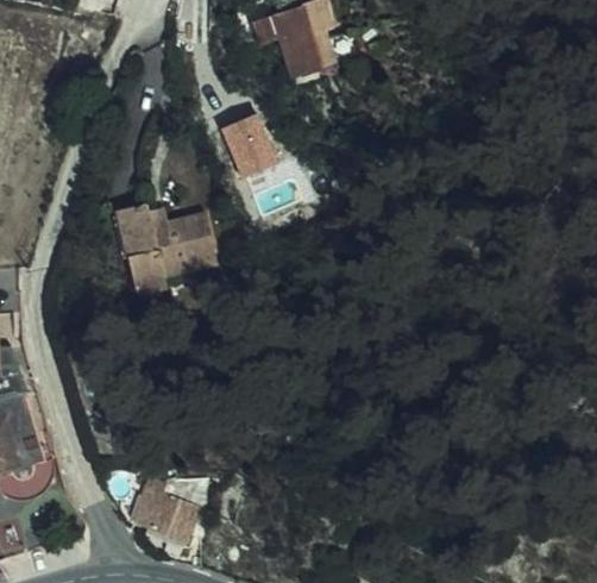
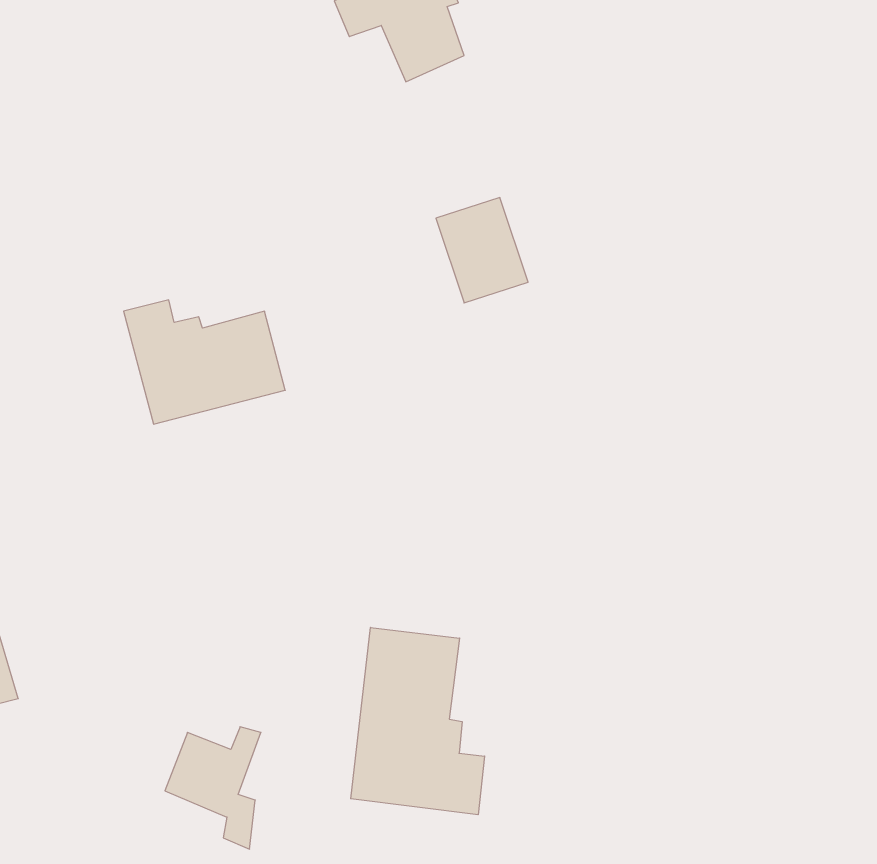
building: [224,112,282,178] -> [436,198,528,303]
building: none -> [351,627,485,815]

